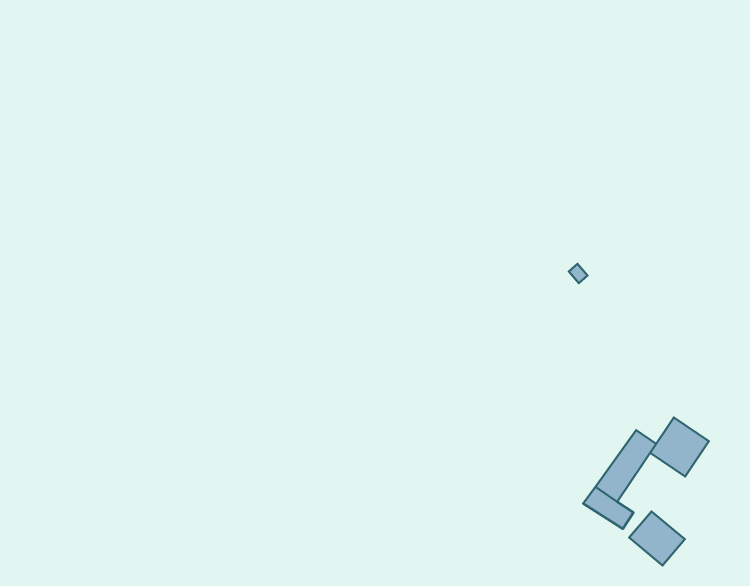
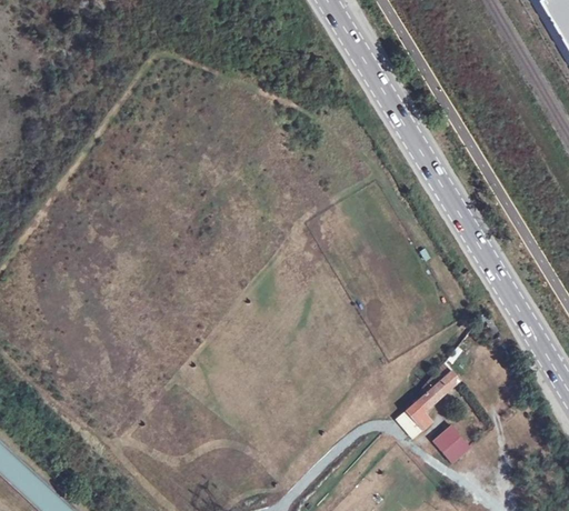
building: [650,417,709,476] -> none

